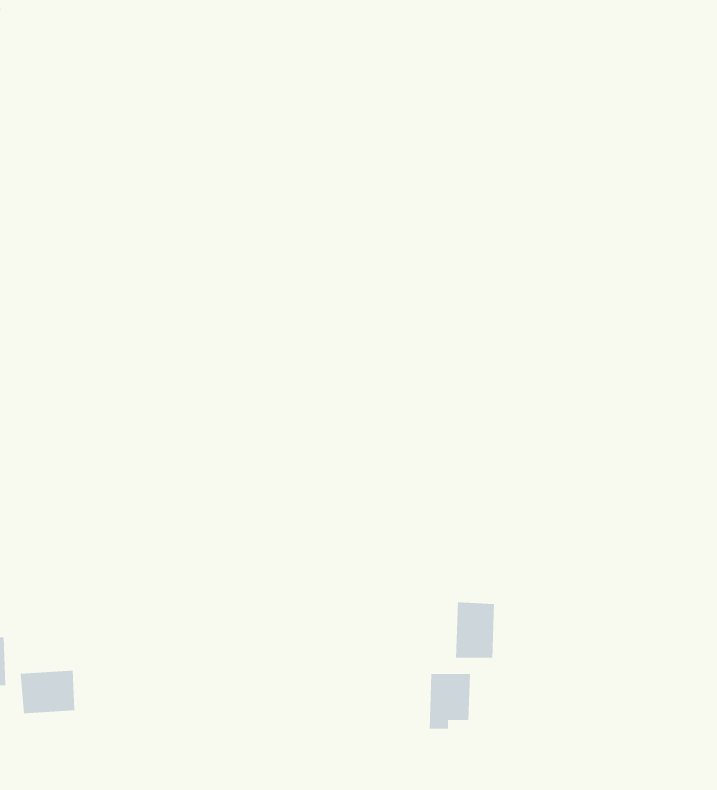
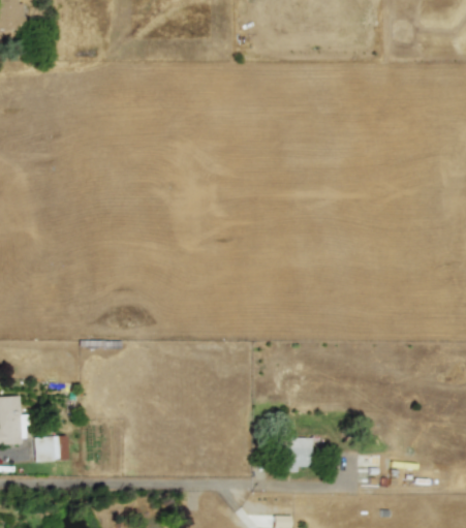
building: [456,602,494,658] -> none

